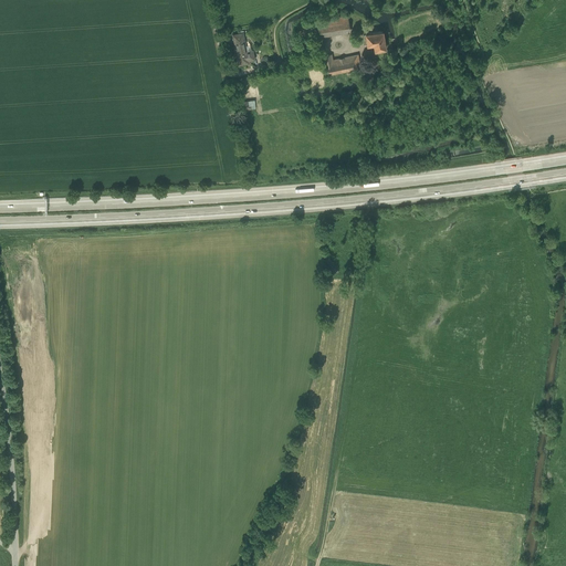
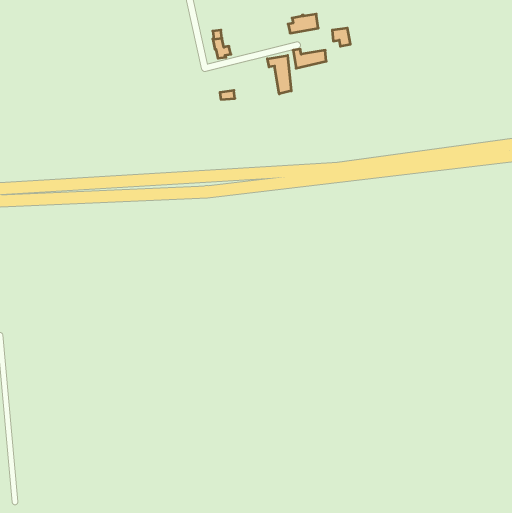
building: none -> [267,55,291,94]

